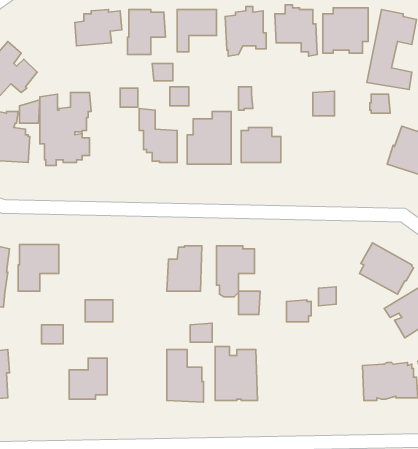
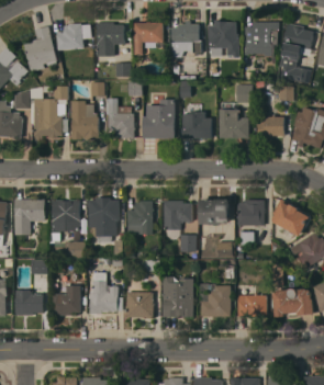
building: none -> [23,26,57,72]
building: none -> [71,101,99,140]
building: none -> [219,110,248,138]
building: none -> [256,115,284,136]
building: none -> [89,197,119,242]
building: none -> [52,200,81,233]
building: none -> [199,200,228,225]
building: none -> [237,200,265,226]
building: none -> [89,267,123,315]
building: none -> [201,285,231,317]
building: none -> [237,285,267,317]
building: none -> [16,291,44,315]

